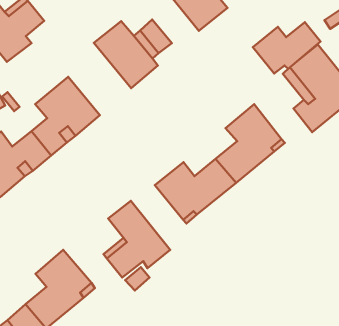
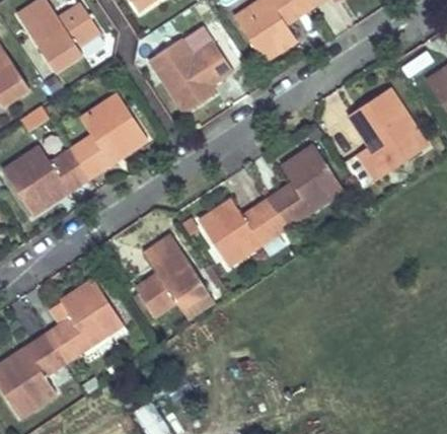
building: [253,22,321,74] -> none

